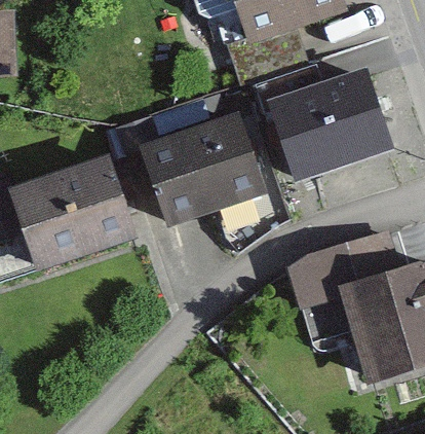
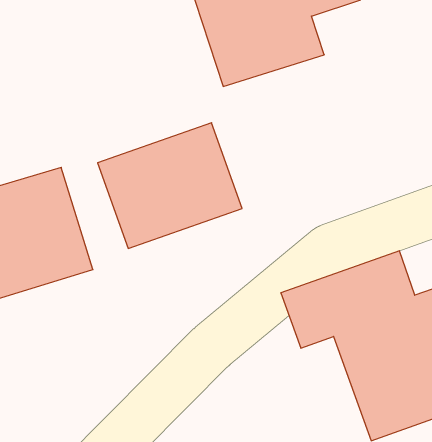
building: [250,63,404,180] -> none

